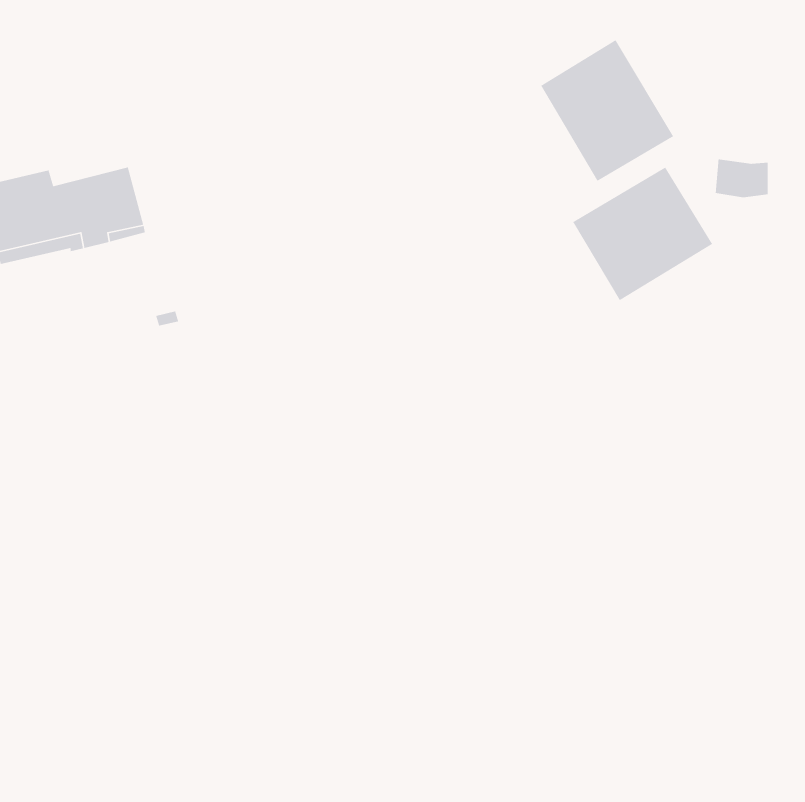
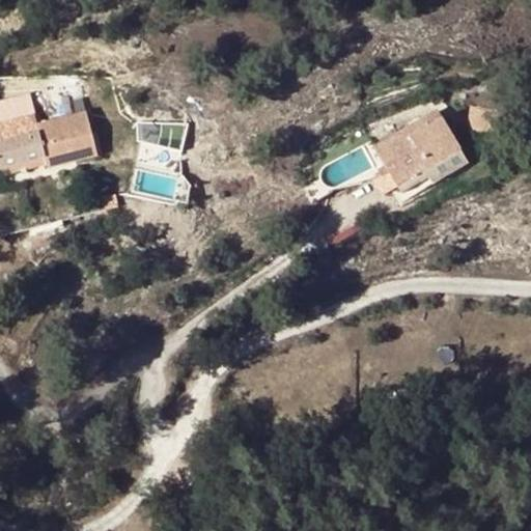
building: [540,39,674,182] -> none

